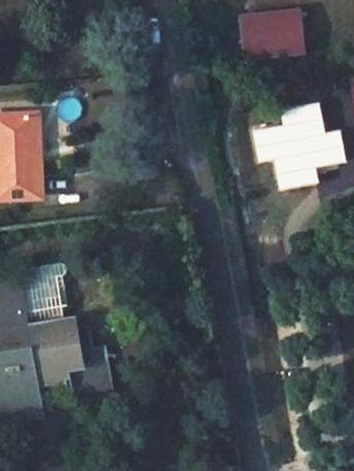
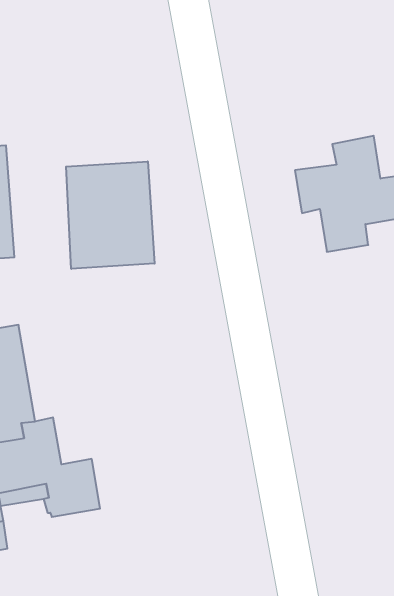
building: [246,10,309,57] -> none
building: none -> [66,161,155,269]

